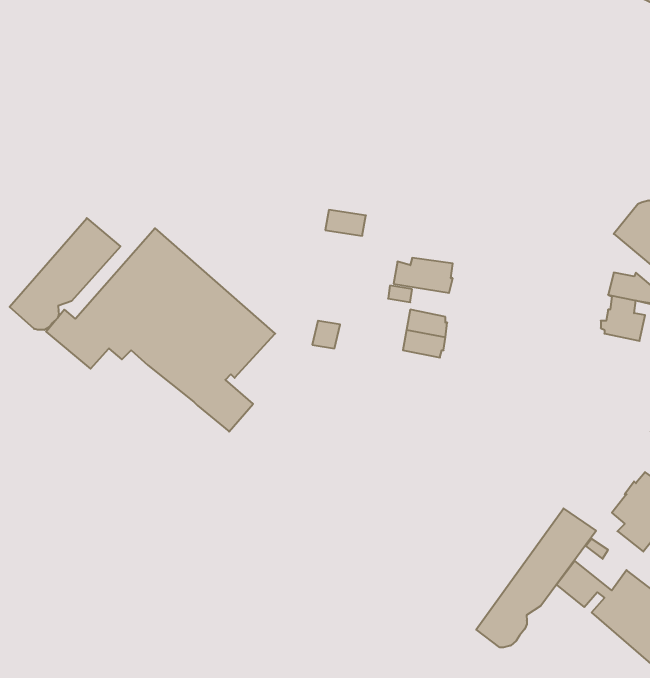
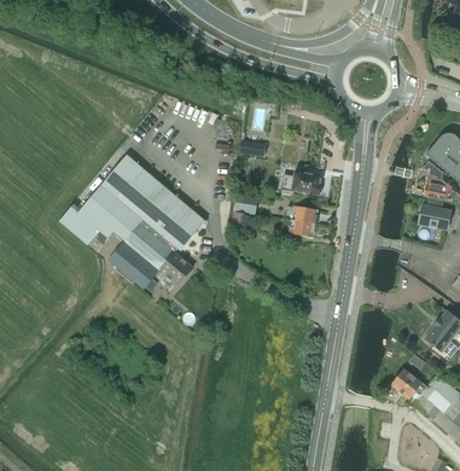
building: [10,218,120,330] -> none
building: none -> [107,240,159,289]
building: [476,508,596,647] -> none

